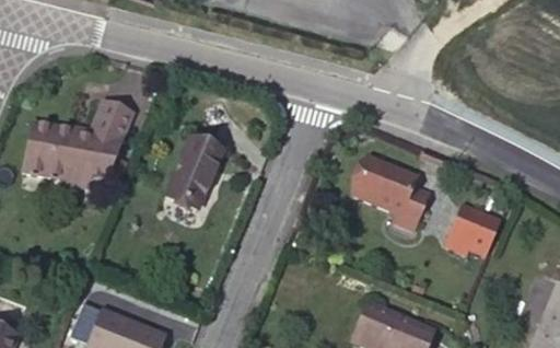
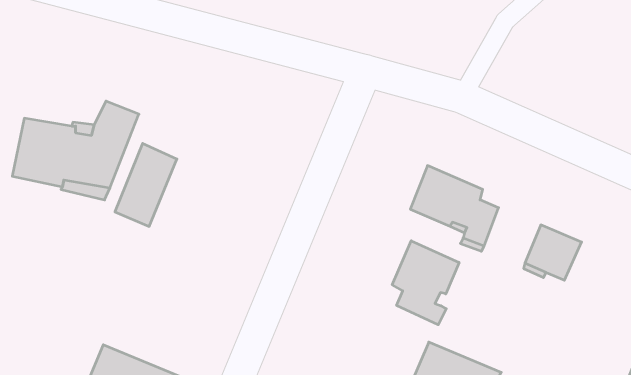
building: [166,138,218,207] -> [115,143,177,226]
building: none -> [392,241,459,325]

